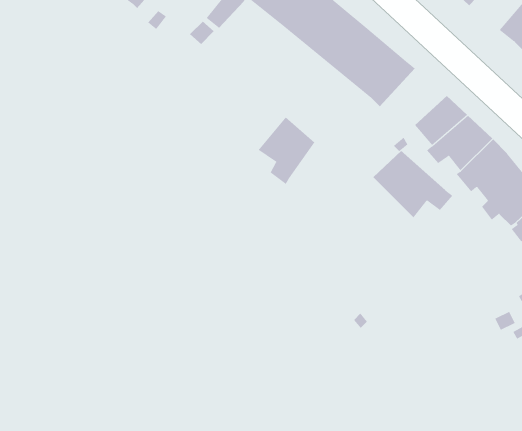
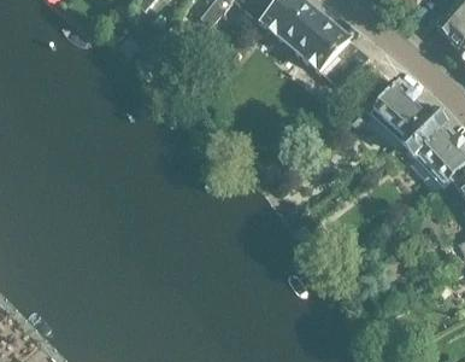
building: [258,117,315,185] -> none
building: [372,150,453,218] -> none

